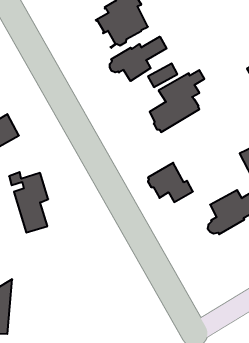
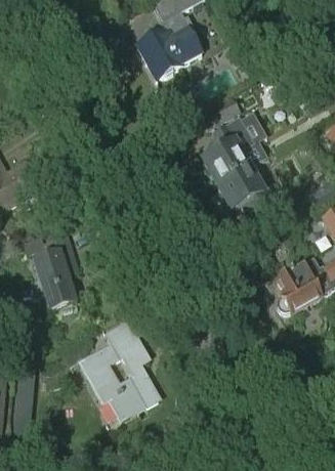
building: [110,37,167,81] -> none
building: [148,163,193,202] -> [218,167,275,216]
building: none -> [81,323,158,417]

